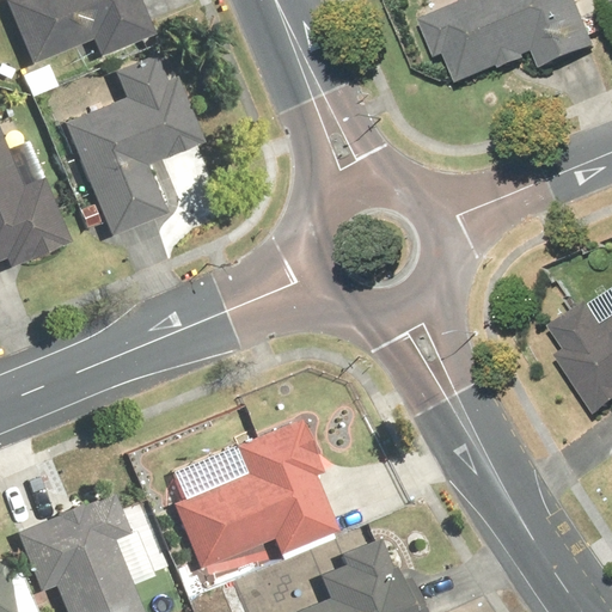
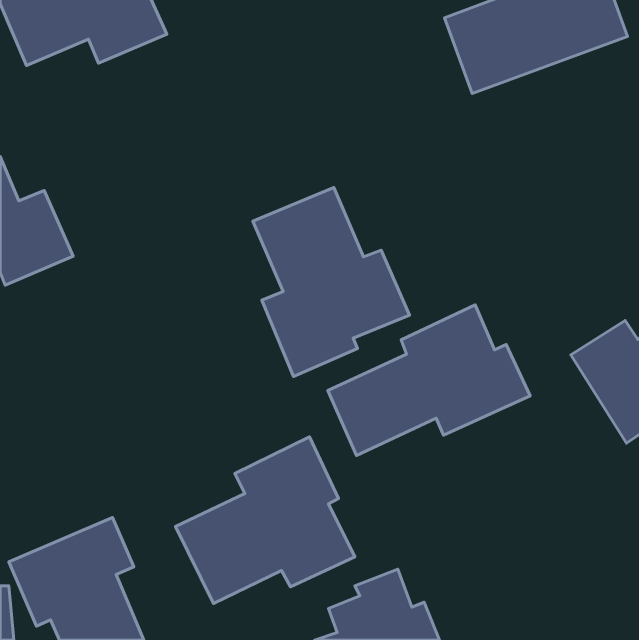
building: [61,50,204,238] -> none
building: none -> [253,187,410,377]
building: none -> [328,305,530,455]

